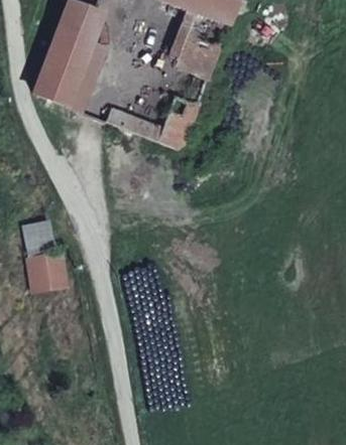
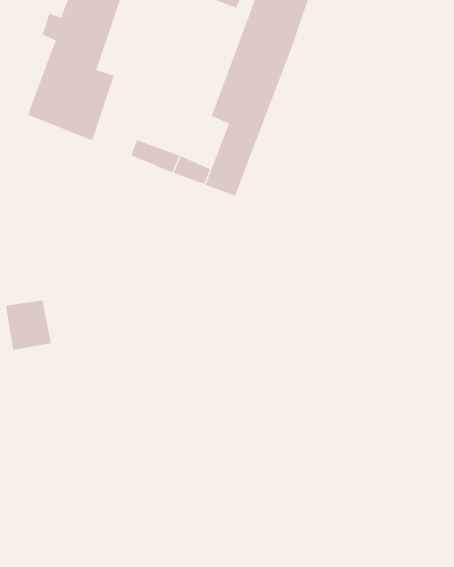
building: [26,251,63,286] -> none

